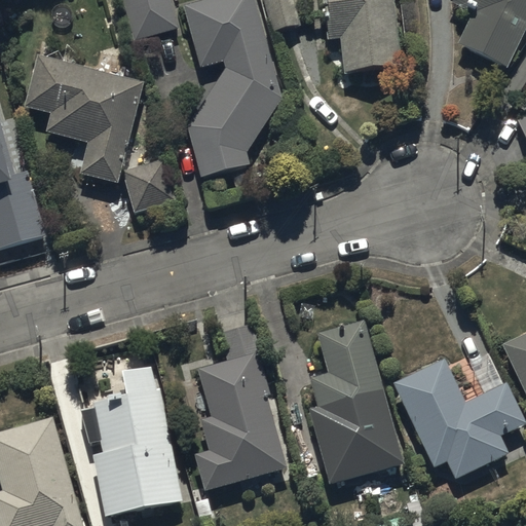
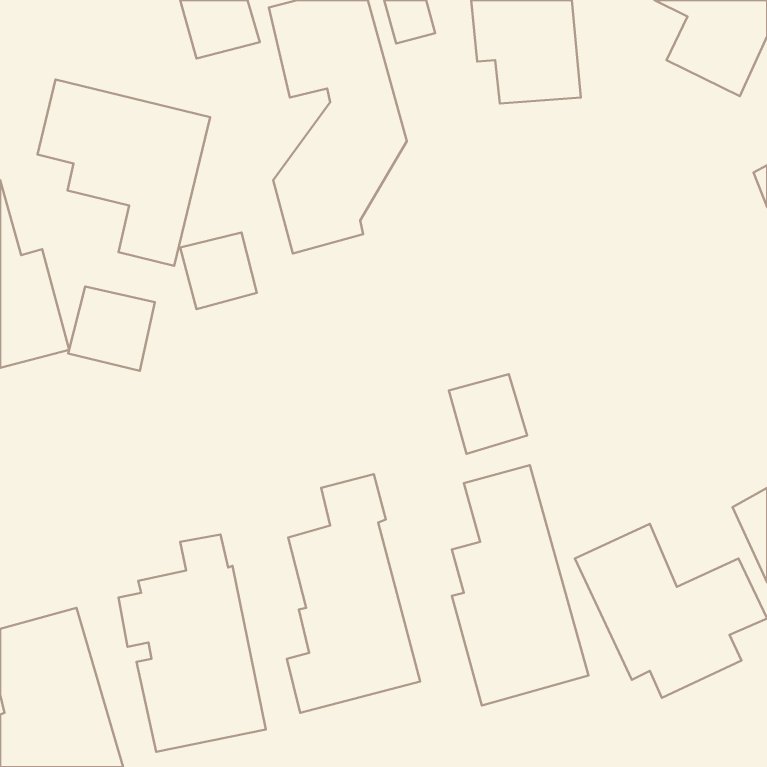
building: none -> [68,286,155,371]
building: none -> [449,374,527,454]

